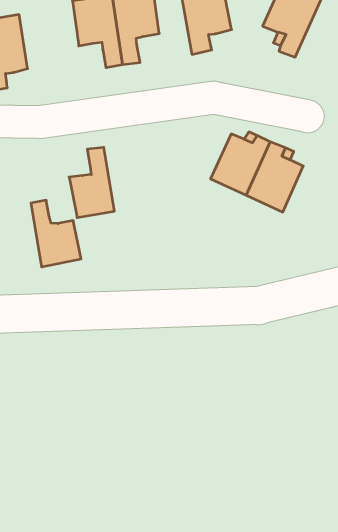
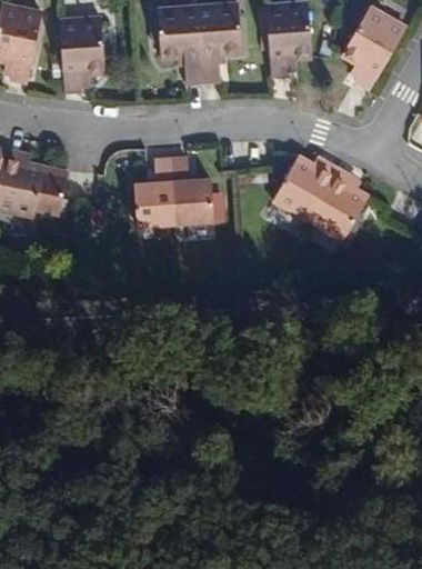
building: [31,200,81,267] -> [172,157,215,222]

